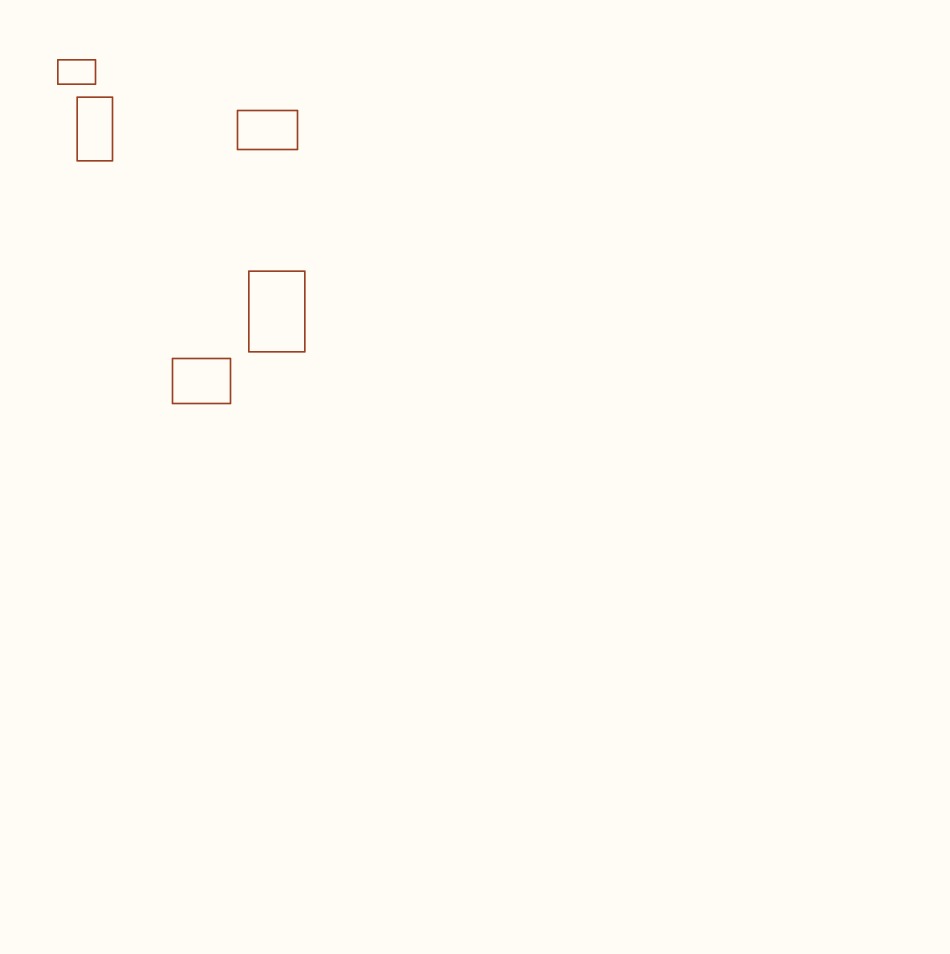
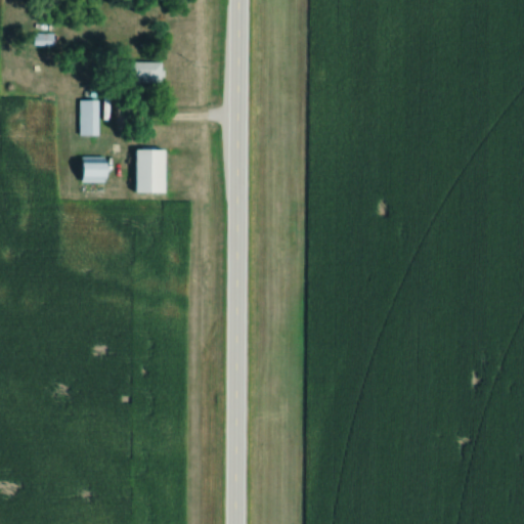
building: [77,97,113,161] -> [79,100,98,135]
building: [172,359,230,403] -> [80,158,112,182]

